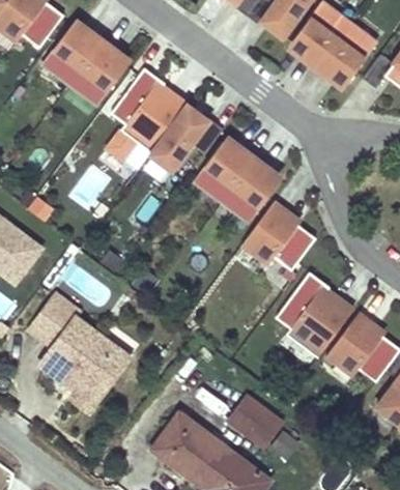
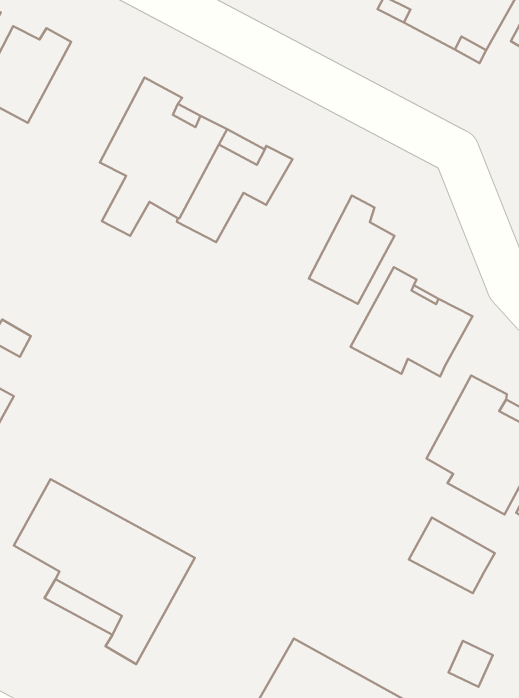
building: [70,37,126,103] -> none
building: [195,140,257,200] -> none
building: [228,397,280,445] -> [409,518,495,593]

